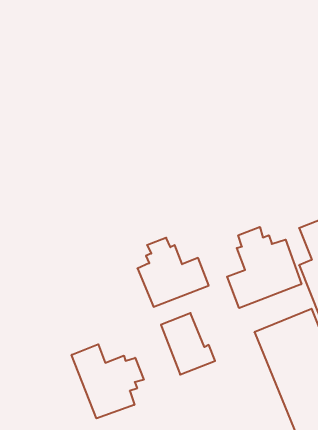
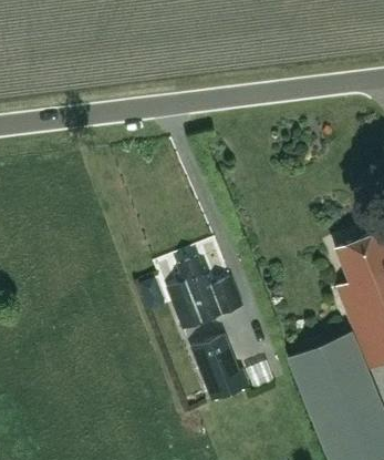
building: [227,227,301,308] -> none
building: [72,344,144,418] -> none

